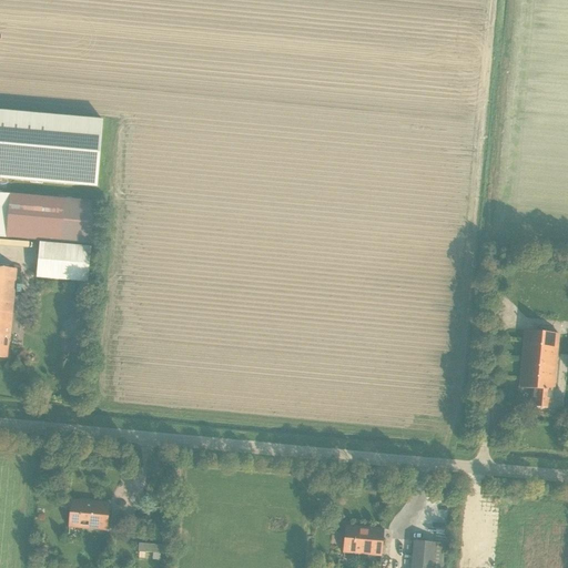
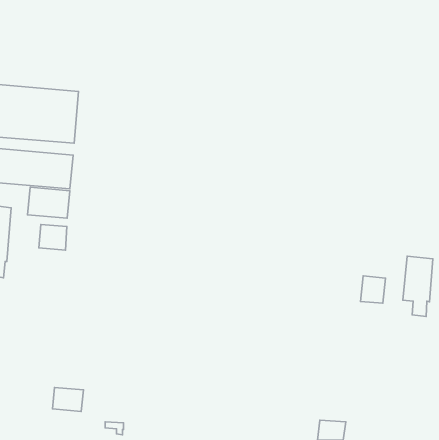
building: none -> [39,224,67,250]
building: none -> [361,276,385,303]
building: [342,525,383,555] -> none

